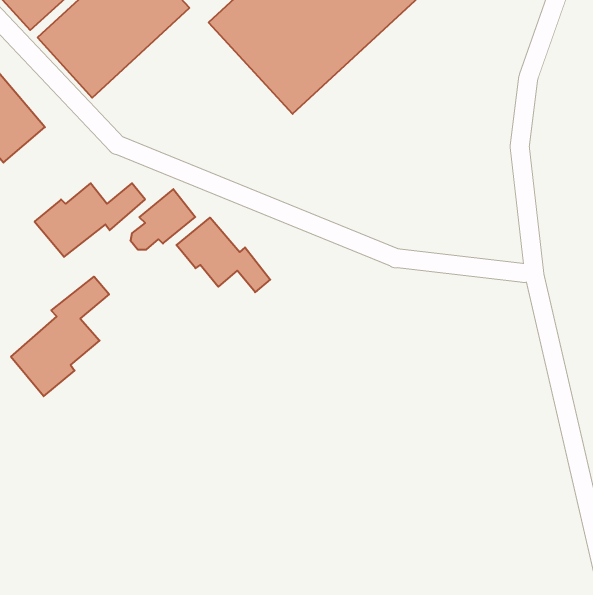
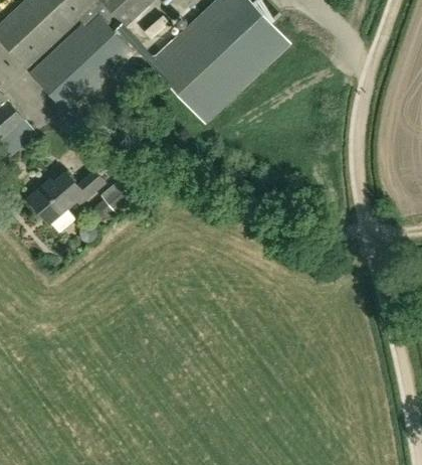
building: [176,218,270,292] -> none
building: [11,277,109,396] -> none

